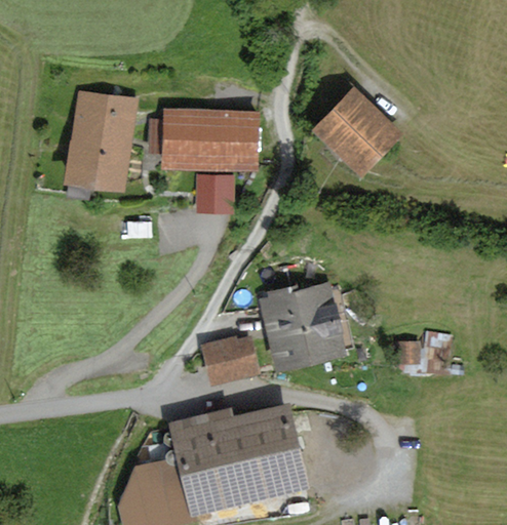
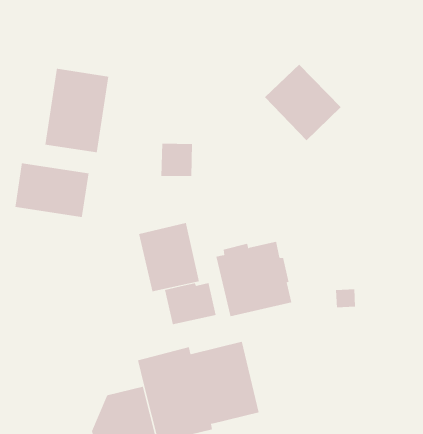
building: [149,110,260,169] -> none
building: none -> [15,163,89,218]
building: none -> [138,222,200,292]

